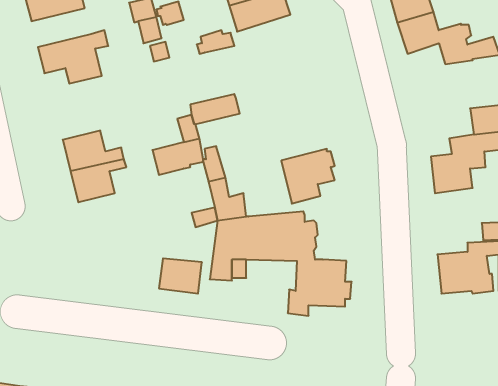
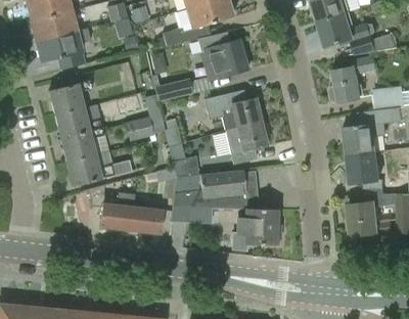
building: none -> [30,10,77,41]
building: none -> [197,32,247,80]
building: none -> [329,55,377,101]
building: none -> [48,73,92,113]
building: none -> [204,89,262,130]
building: none -> [347,151,379,183]
building: none -> [66,155,132,186]
building: none -> [87,184,134,230]

